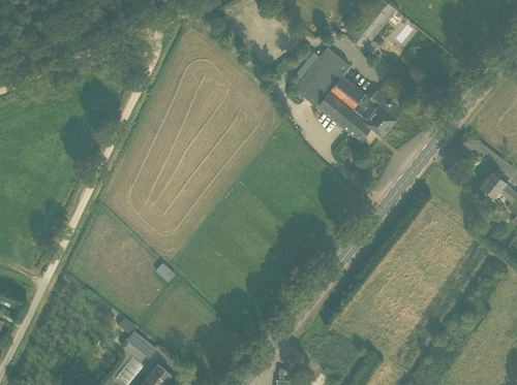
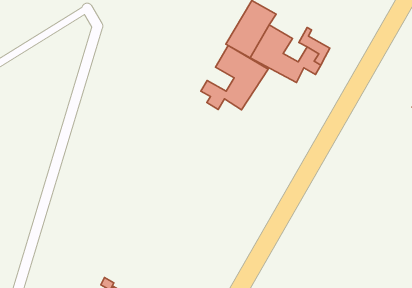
building: none -> [201,45,268,110]

